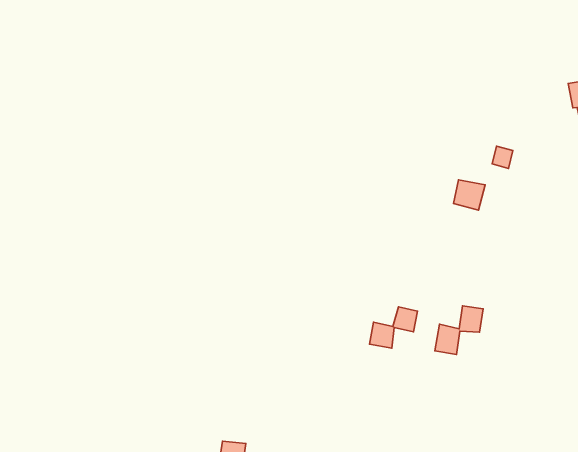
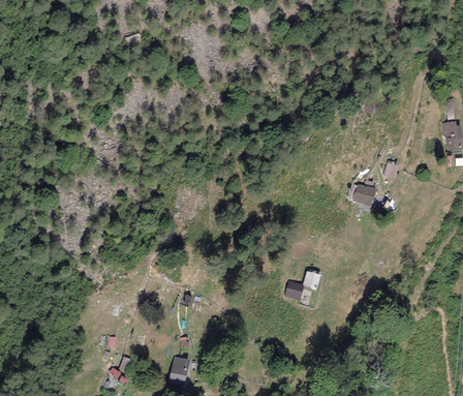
building: [435,306,483,355] -> none

